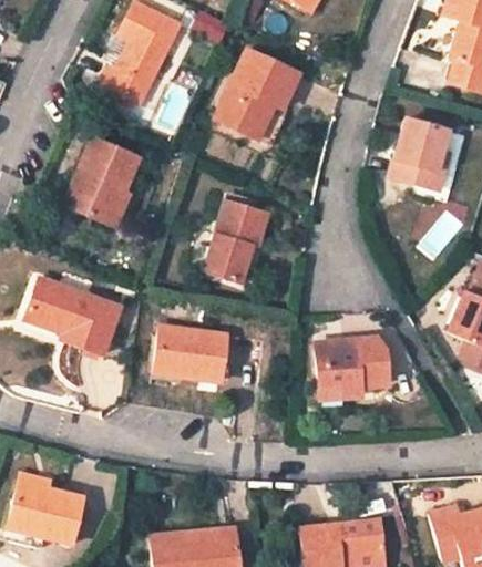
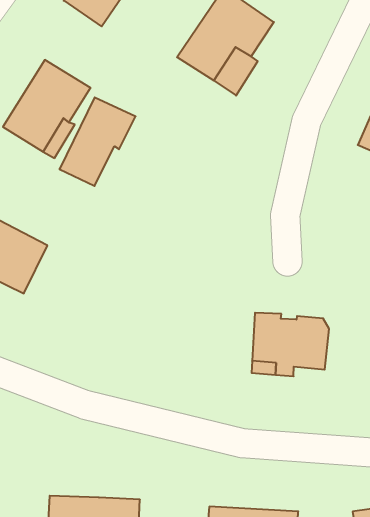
building: [204,202,267,282] -> [59,97,136,186]
building: [154,324,227,380] -> none

